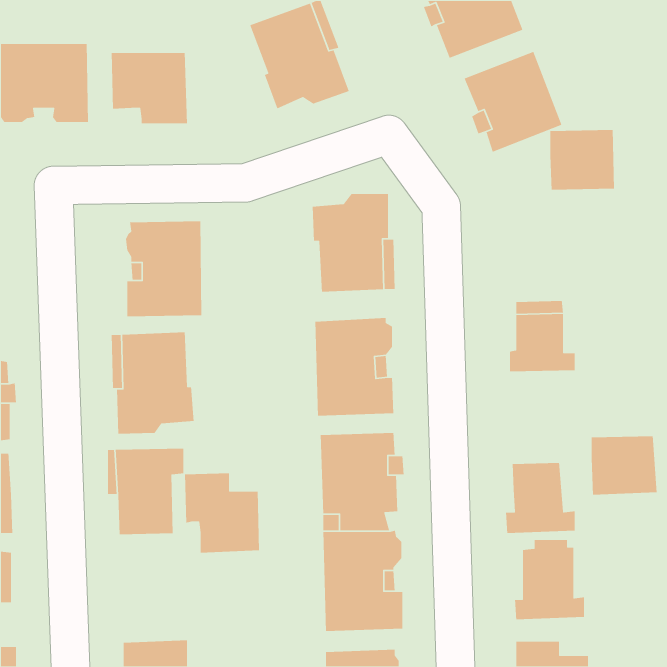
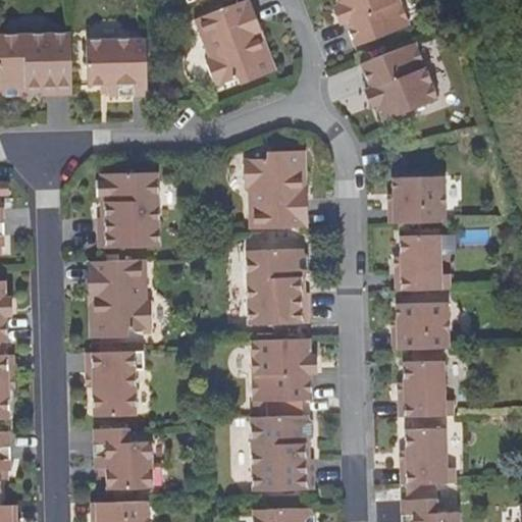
building: [549,129,615,190] -> [395,174,446,222]
building: [591,436,657,496] -> [398,302,450,349]
building: [184,473,260,553] -> [94,427,153,490]

